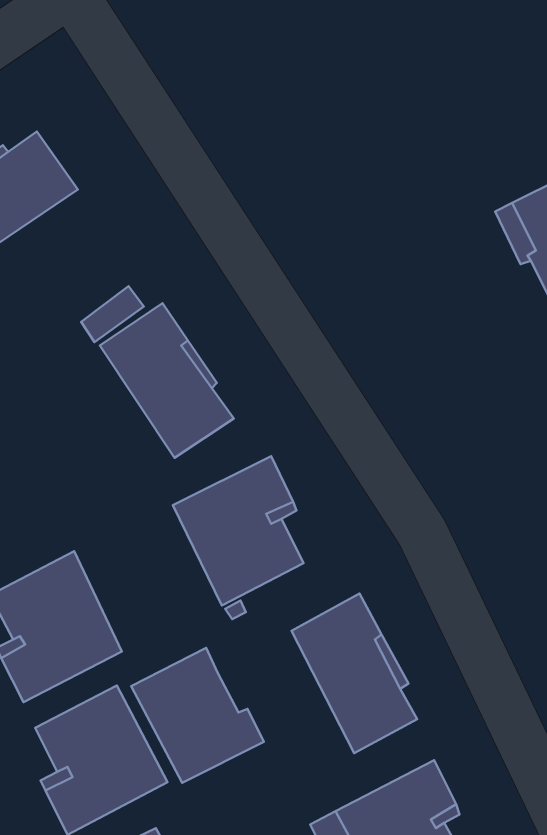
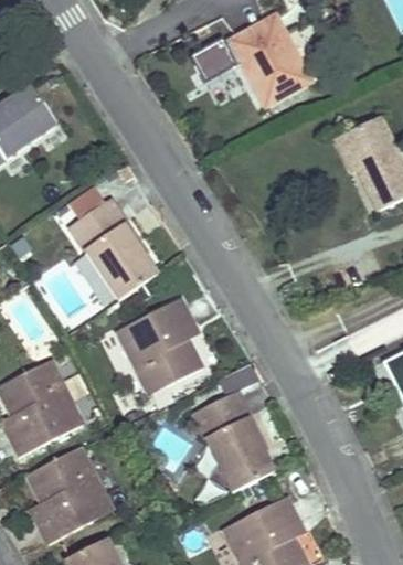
building: none -> [183,17,304,106]
building: [131,648,264,783] -> none

